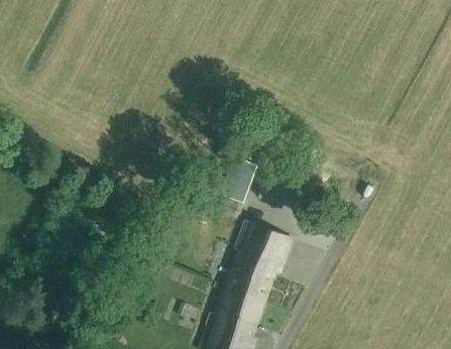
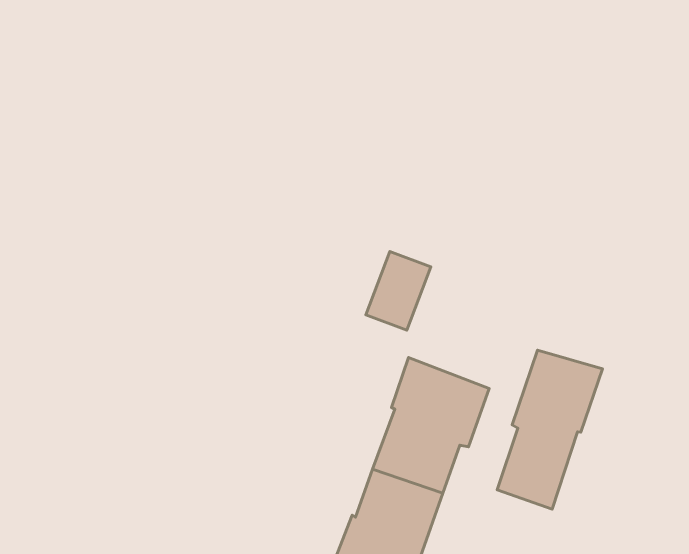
building: none -> [497,350,603,509]

